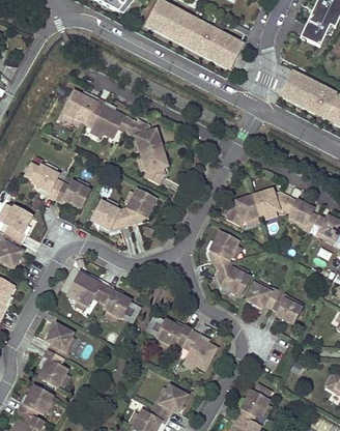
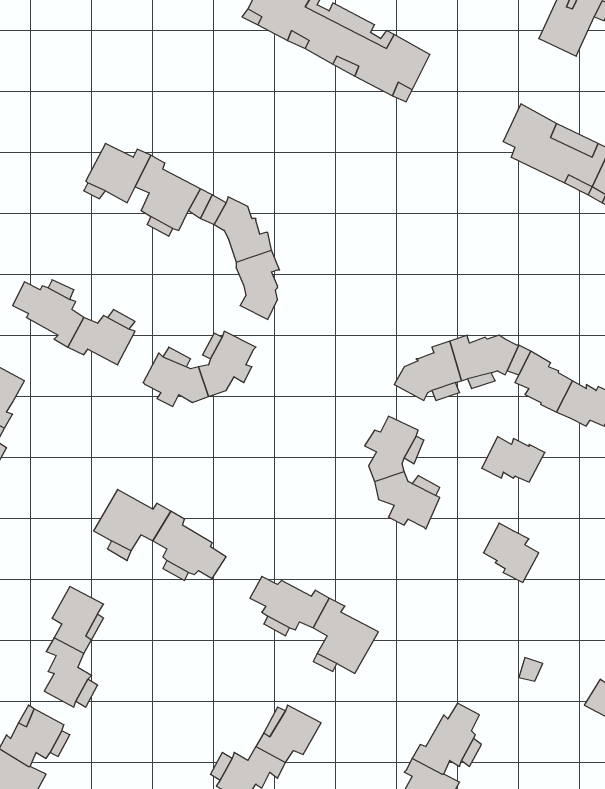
building: [247,281,280,305] -> [482,437,545,482]

